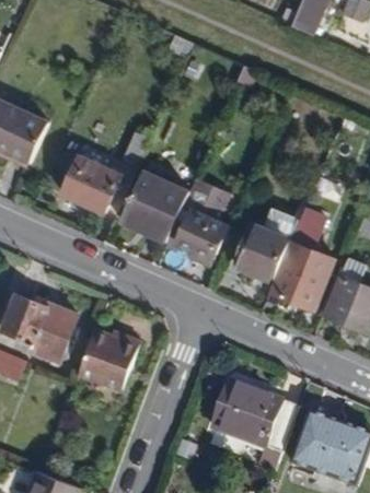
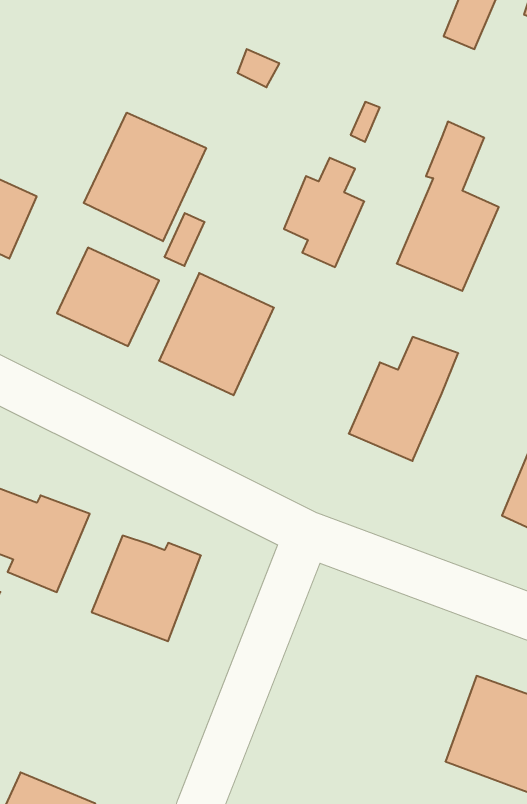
building: none -> [84,113,206,241]
building: [177,202,226,268] -> [284,158,364,267]
building: [271,209,333,310] -> [397,122,499,291]
building: [211,380,299,469] -> none

